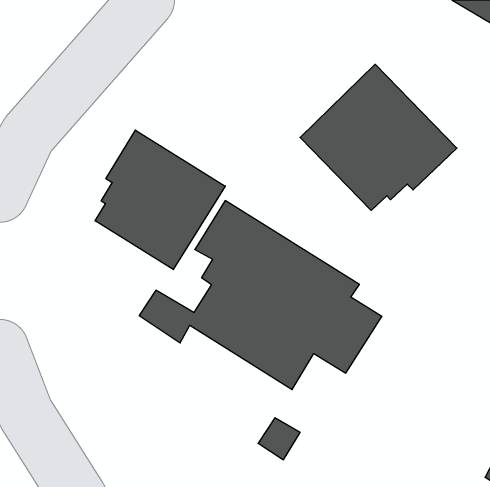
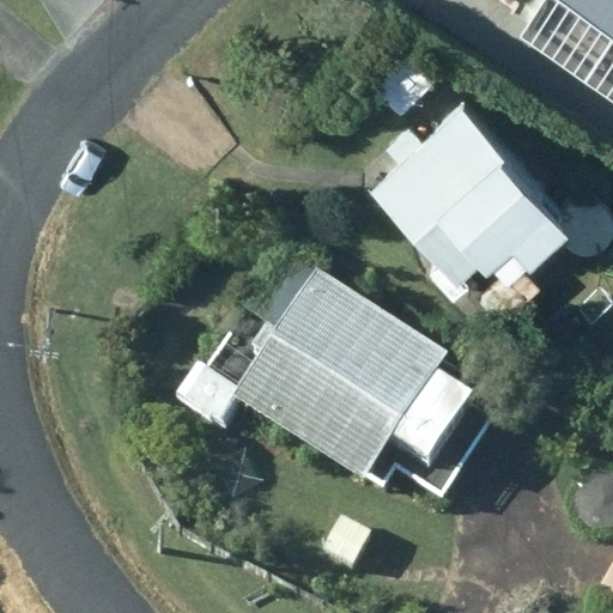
building: [95,130,225,270] -> none

